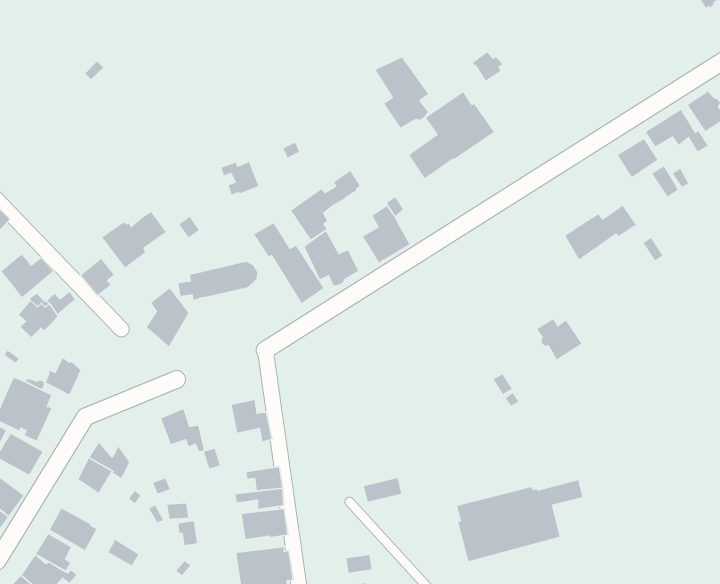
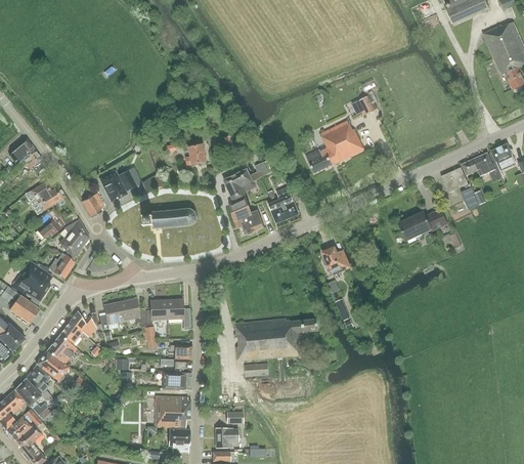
building: [374,57,429,129] -> none
building: [253,222,324,304] -> none
building: [146,287,189,347] -> [59,218,89,257]
building: [536,318,583,360] -> [322,247,351,275]
building: none -> [144,299,168,324]
building: none -> [99,301,124,328]
building: [456,479,583,562] -> [234,318,318,361]
building: none -> [47,334,77,363]

